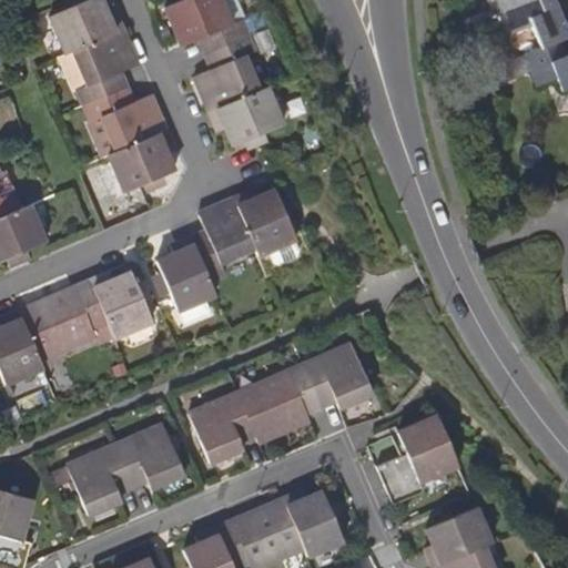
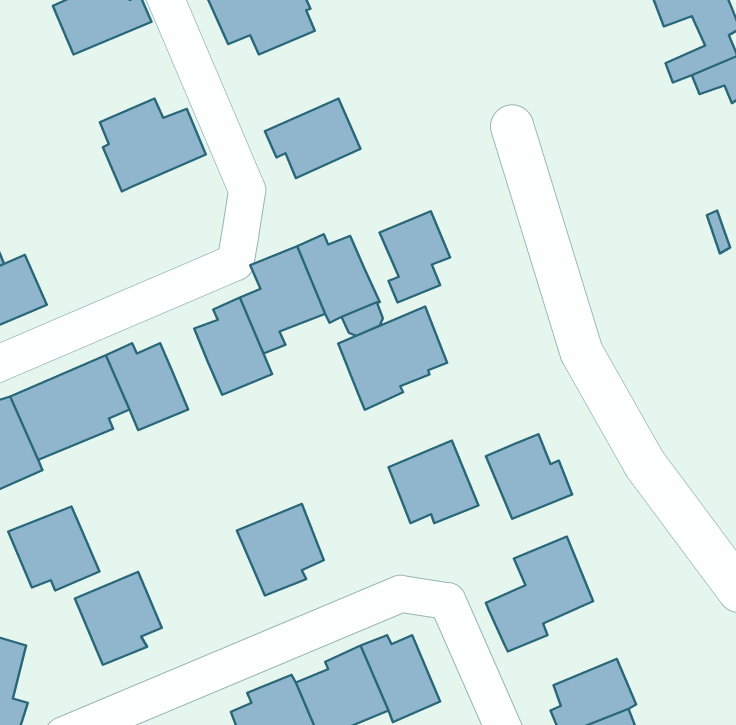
building: [62,30,139,105] -> none
building: [195,37,258,112] -> none
building: [110,130,176,193] -> none
building: none -> [380,211,450,302]
building: none -> [486,434,572,519]
building: [239,365,321,443] -> [338,307,447,410]
building: [115,425,184,488] -> [8,506,99,591]

